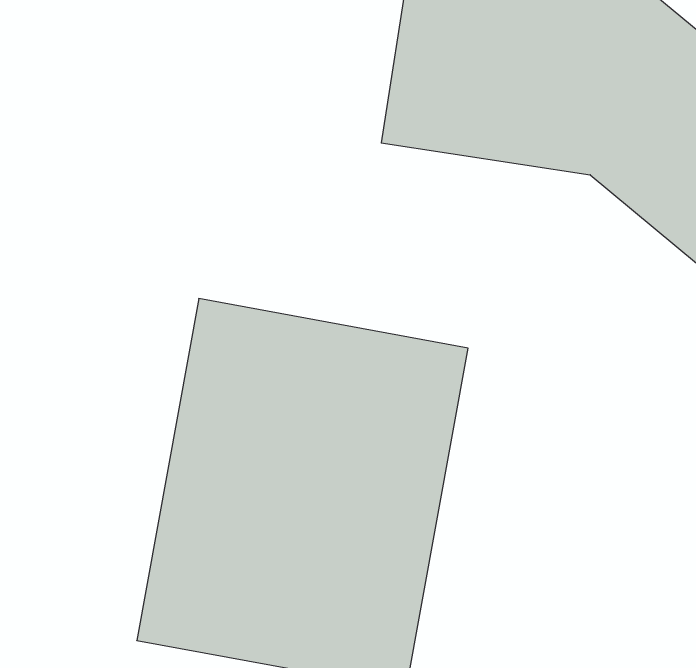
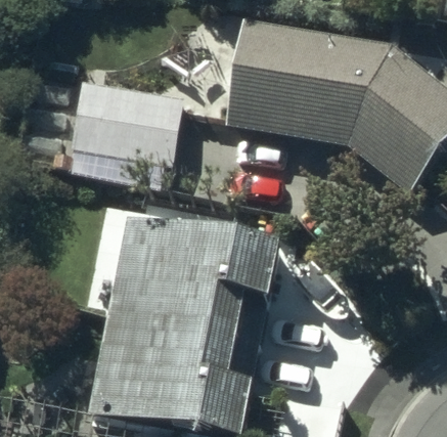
building: none -> [69,78,181,164]

